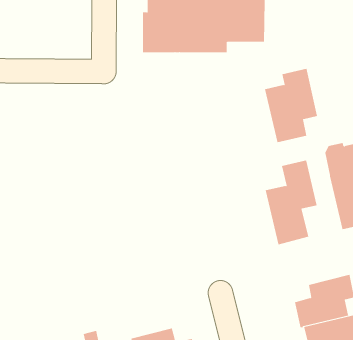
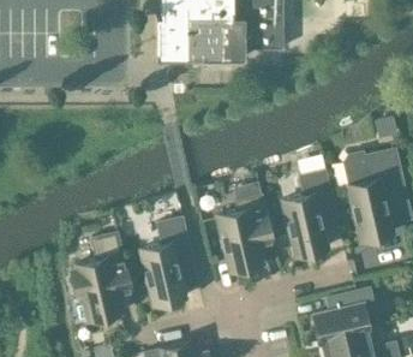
building: [264,68,318,143] -> [219,195,274,272]
building: none -> [142,218,194,305]
building: none -> [72,232,133,321]

